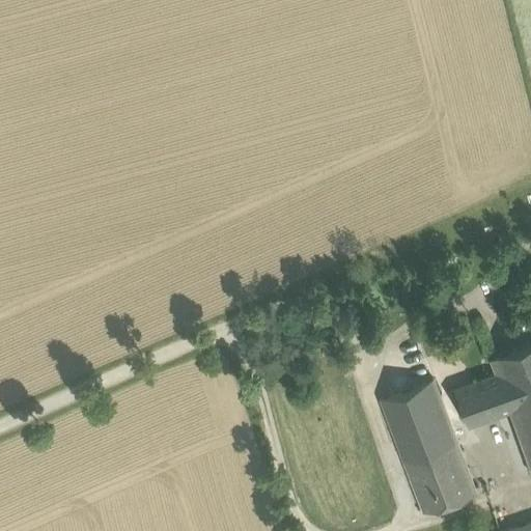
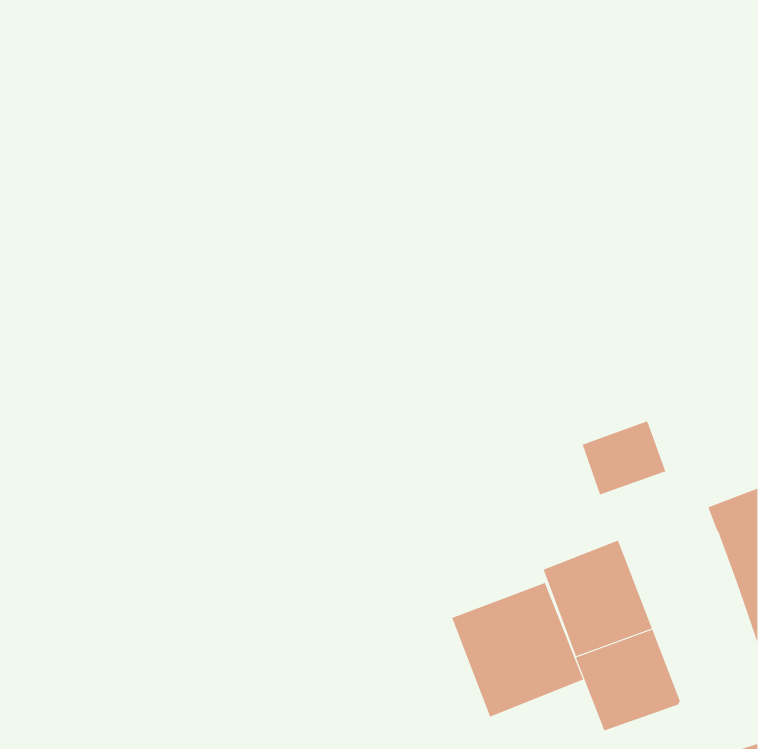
building: [455,378,514,429] -> [582,421,666,495]
building: none -> [451,582,584,718]

